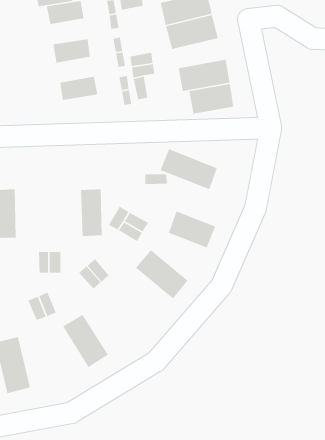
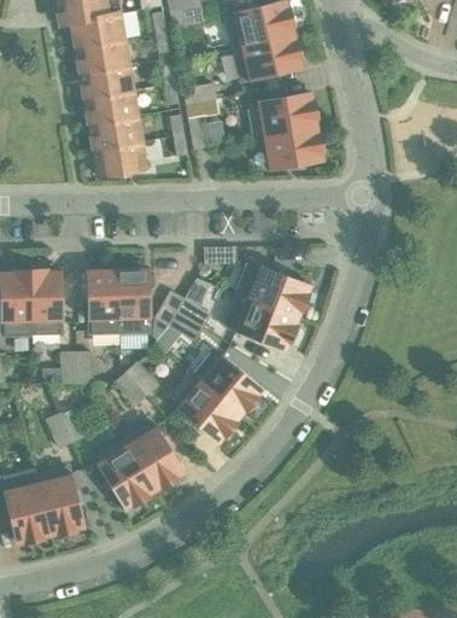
building: none -> [76,39,128,72]
building: none -> [84,91,136,124]
building: none -> [93,141,145,177]
building: [160,148,218,190] -> [233,262,311,319]
building: none -> [30,268,60,336]
building: none -> [89,269,119,333]
building: none -> [166,372,242,443]
building: none -> [121,419,183,492]
building: none -> [34,466,82,537]

